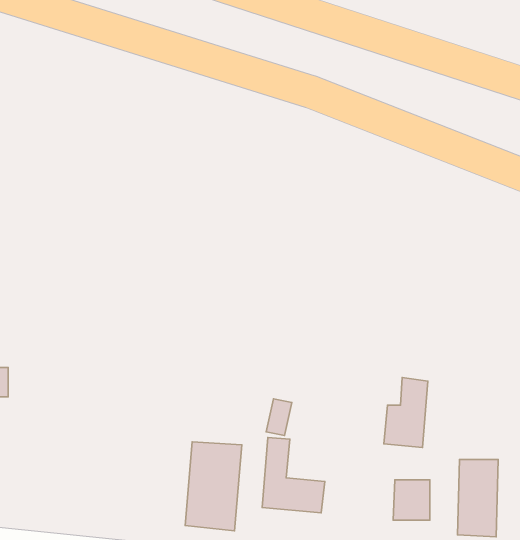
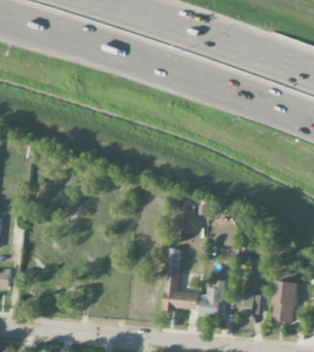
building: [384,377,428,447] -> [199,278,223,317]
building: [185,442,242,531] -> none

